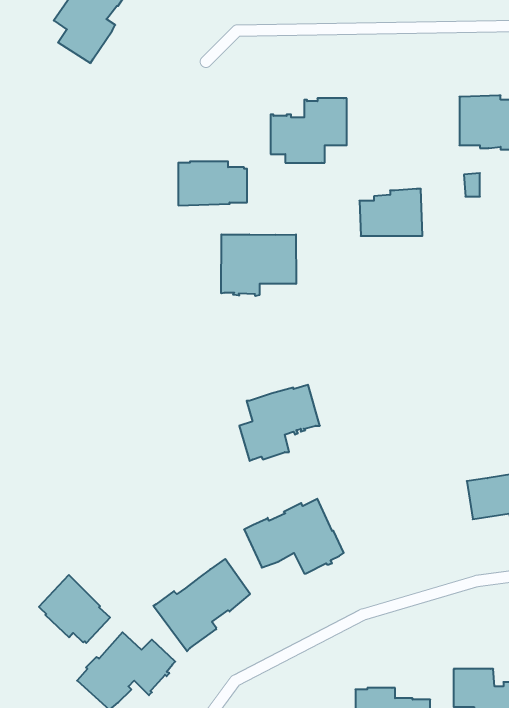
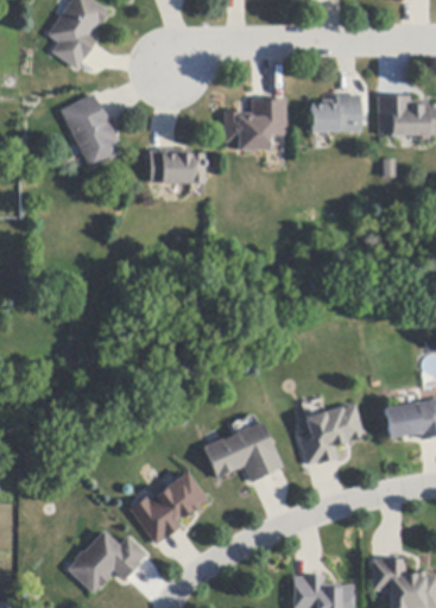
building: none -> [59,94,119,169]
building: [359,189,422,236] -> [309,94,360,132]
building: [221,234,296,296] -> none
building: [239,385,320,461] -> [297,404,362,466]
building: [39,575,110,643] -> none

